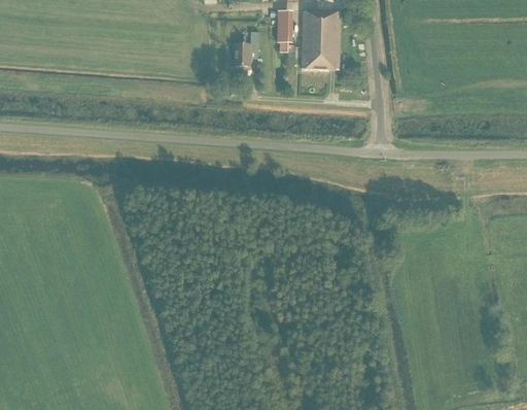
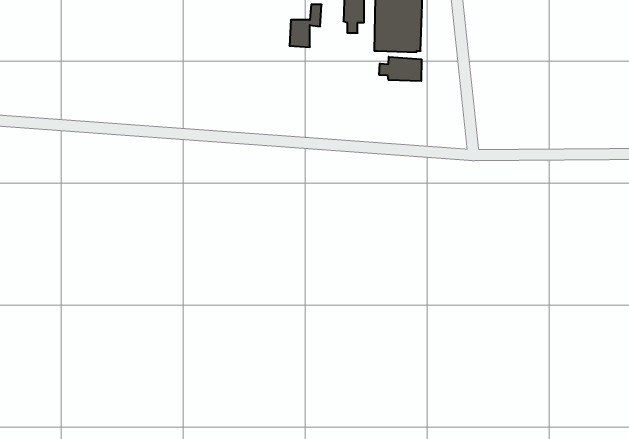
building: none -> [379,57,421,81]

